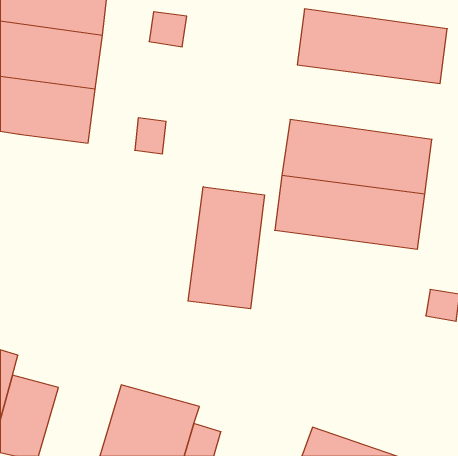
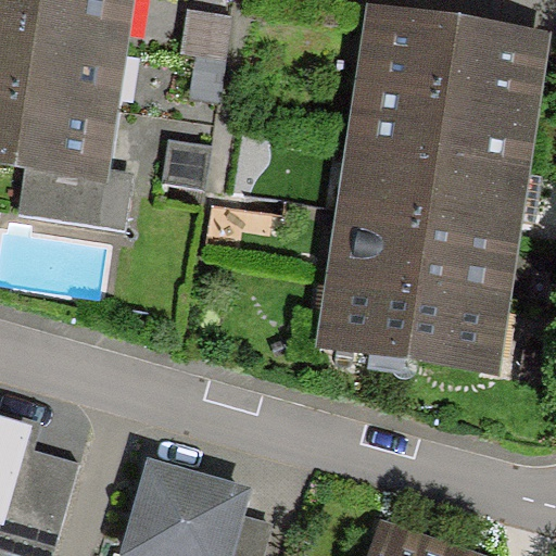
building: none -> [352,78,533,168]
building: none -> [16,162,128,230]
building: [188,187,264,309] -> none
building: none -> [325,278,506,368]

